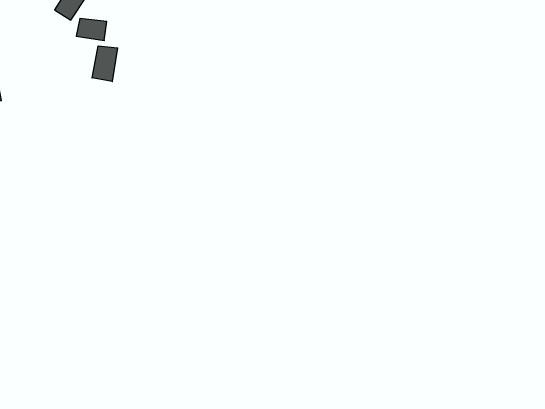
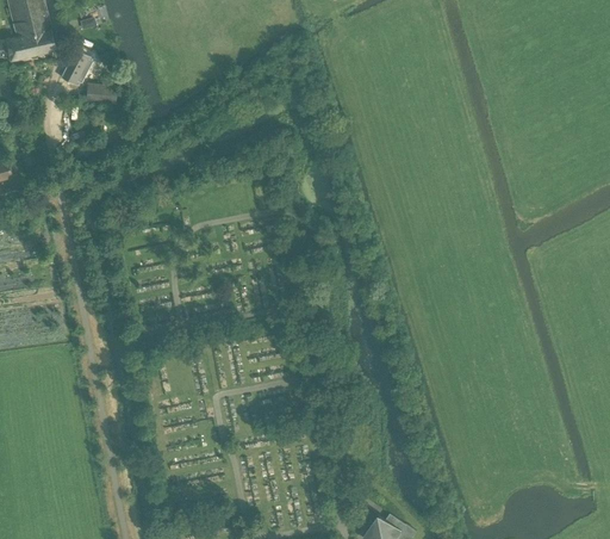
building: [92,46,118,82] -> none

